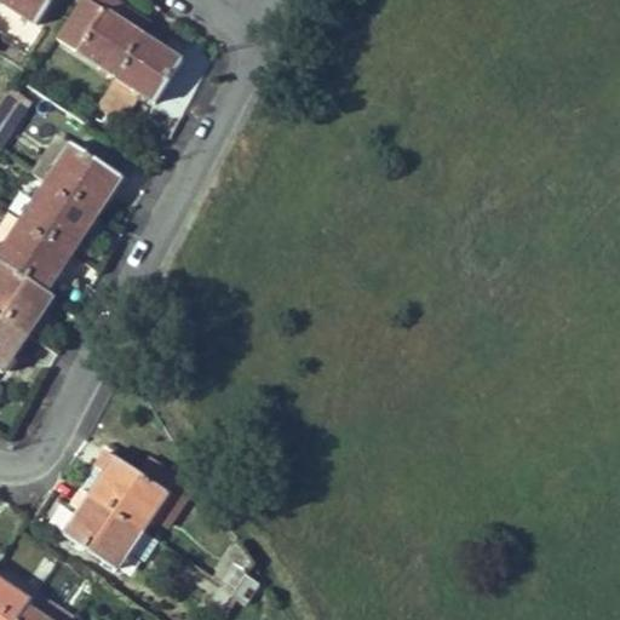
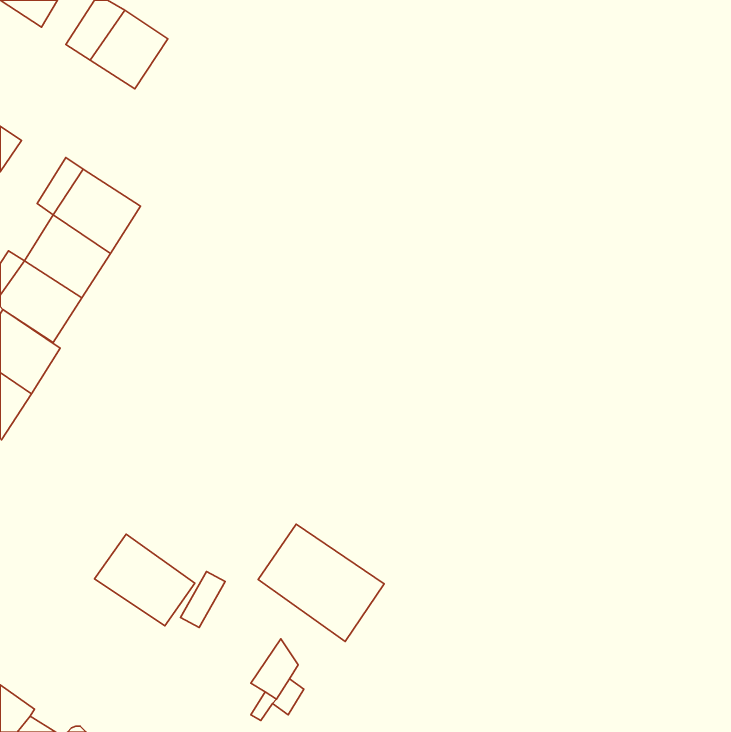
building: [97,33,182,121] -> none
building: none -> [258,524,384,641]
building: [64,489,140,568] -> none

